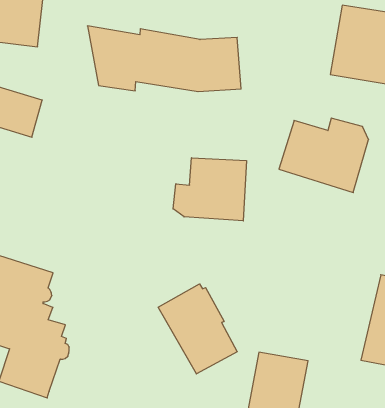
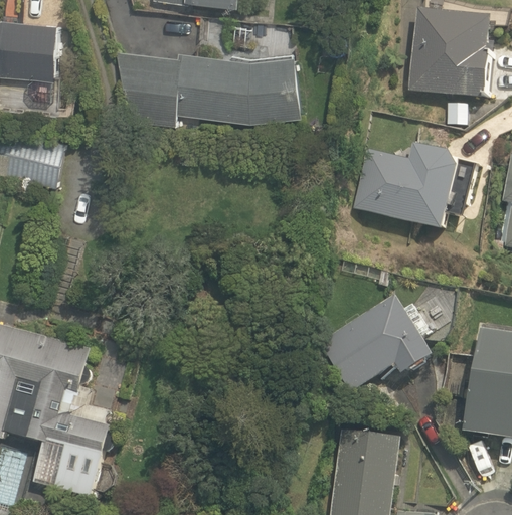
building: [173,158,246,221] -> none
building: none -> [319,296,433,393]
building: [158,284,237,374] -> none

